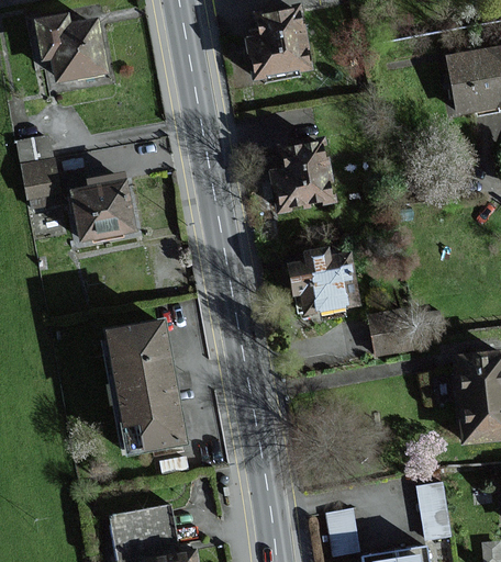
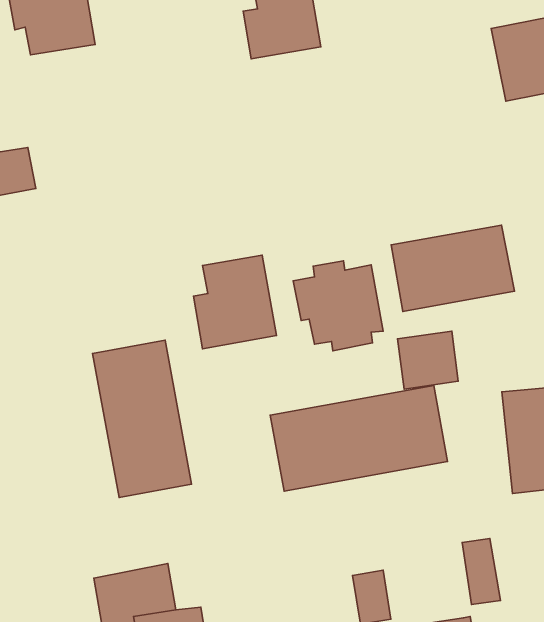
building: [259,140,329,218] -> [193,255,277,349]
building: [75,176,141,239] -> none
building: none -> [391,225,515,311]
building: none -> [270,386,448,491]

